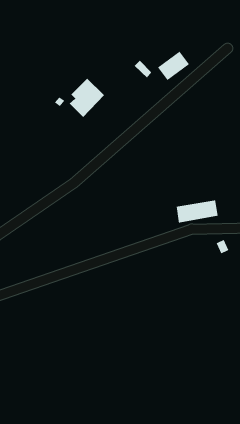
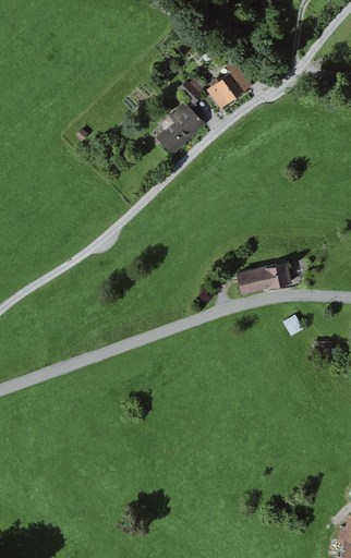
building: [69,78,105,118] -> [157,102,204,155]

